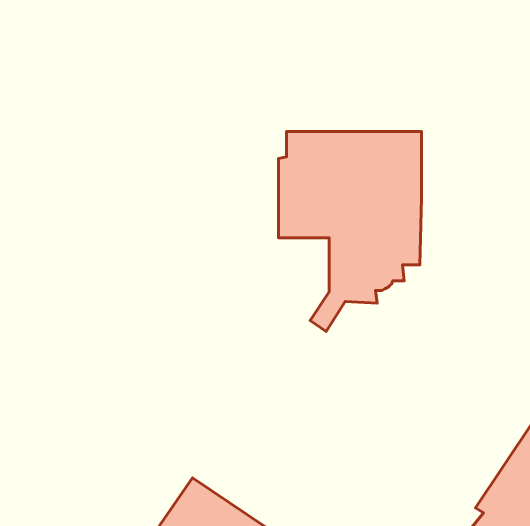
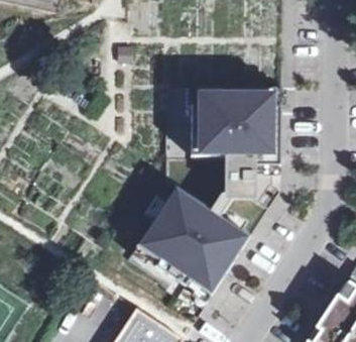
building: none -> [136,184,250,294]

